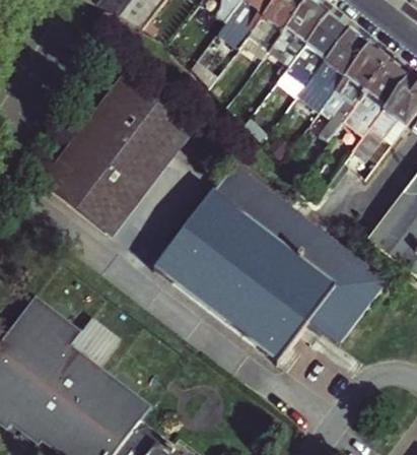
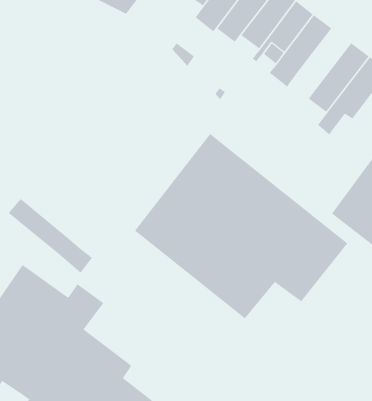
building: [322,42,389,136] -> none
building: [41,61,200,226] -> none
building: none -> [8,198,93,273]

